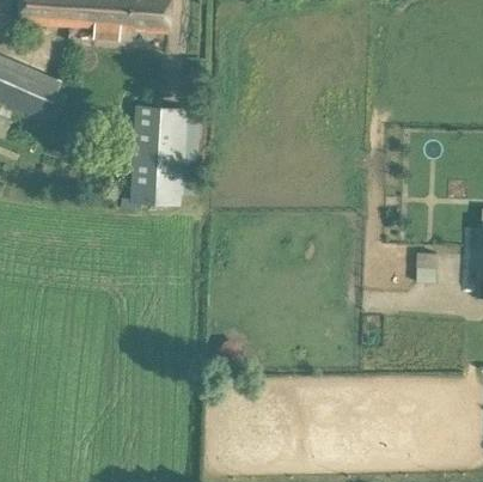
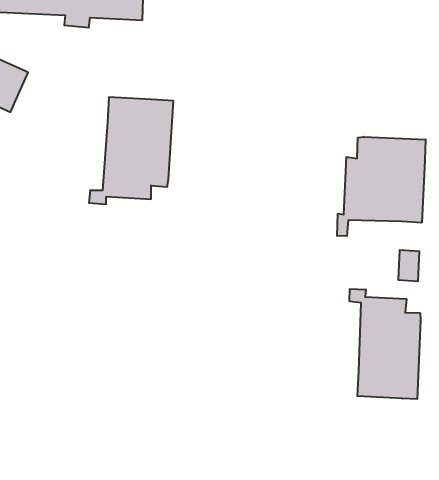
building: none -> [337,137,426,236]
building: none -> [350,289,420,399]

